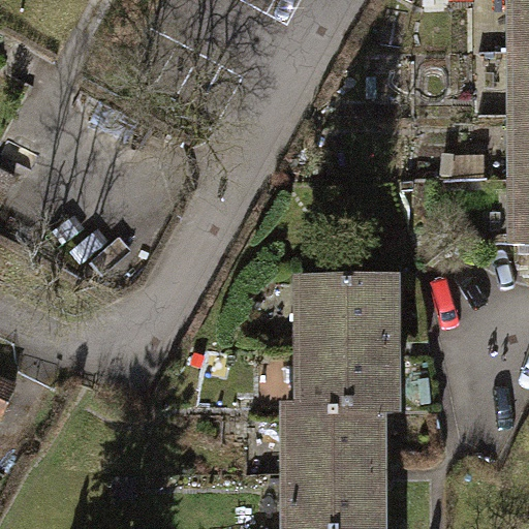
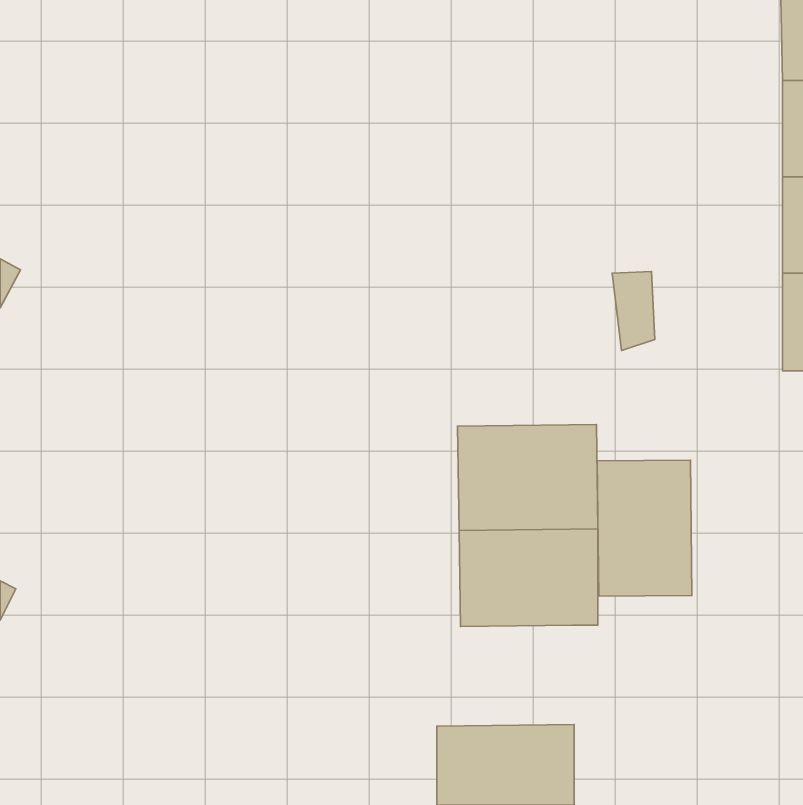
building: none -> [597,460,692,596]
building: [288,409,378,475] -> none

